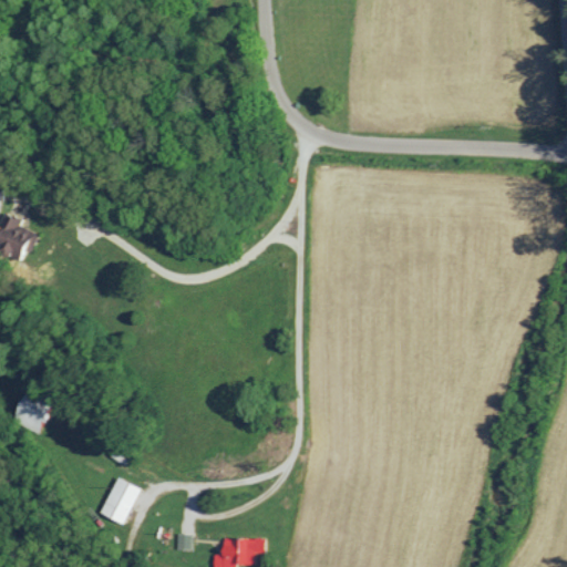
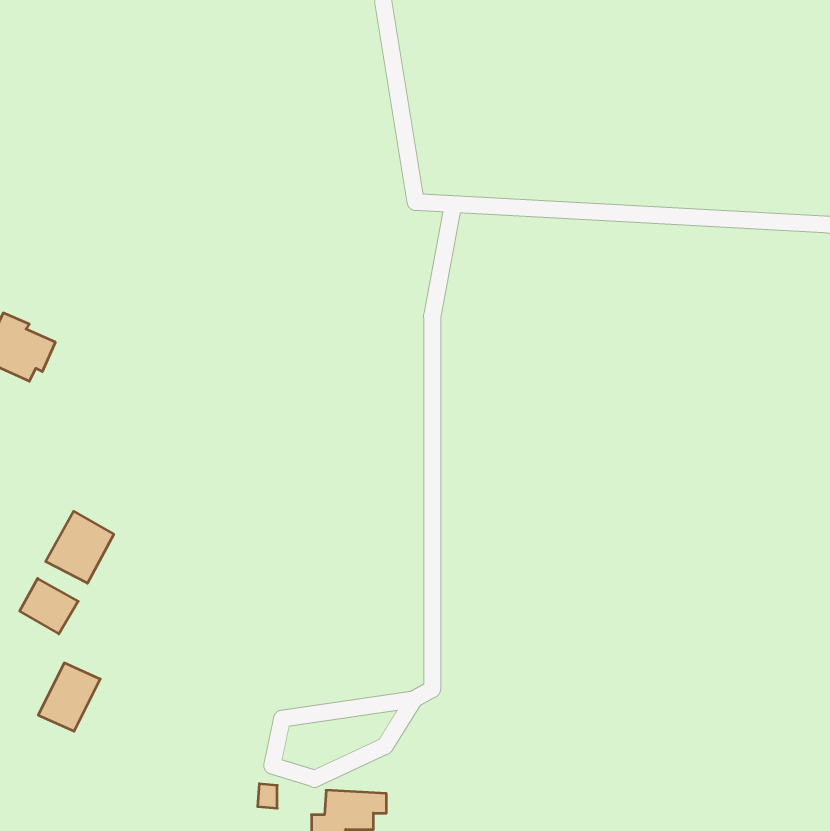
building: none -> [46,511,114,583]
building: [97,478,140,525] -> [38,663,100,731]

